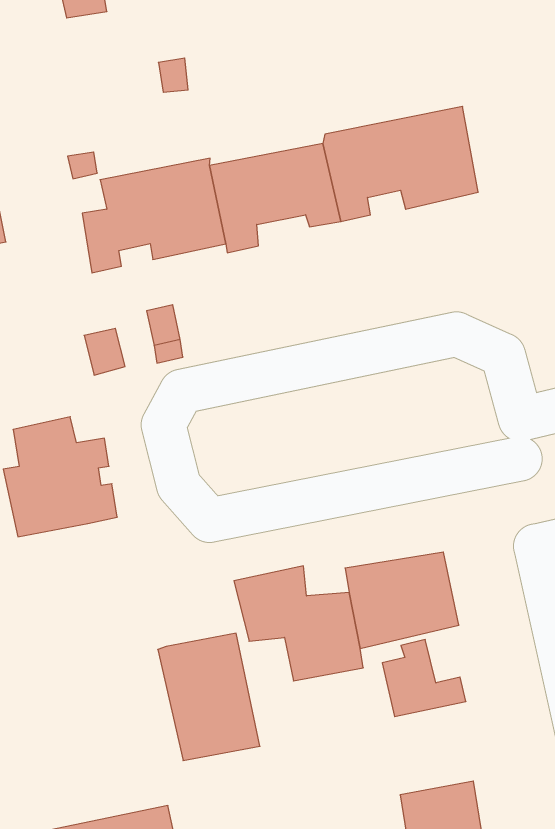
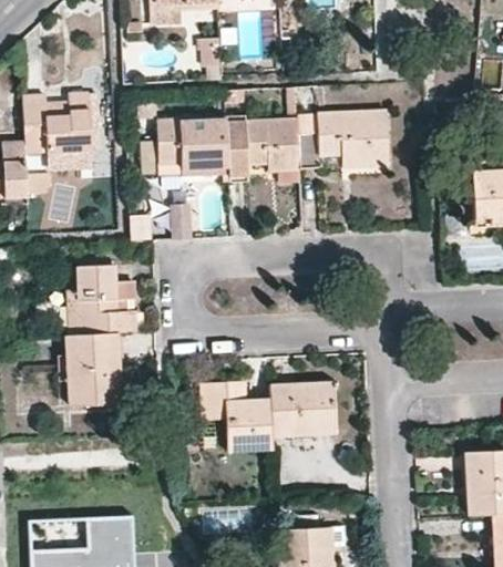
building: [158,633,260,761] -> [65,331,119,404]

